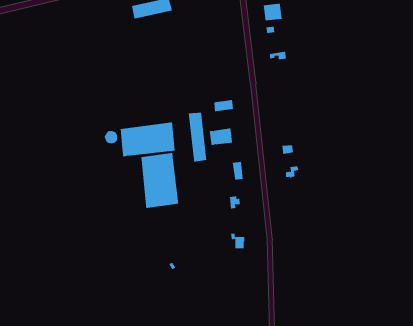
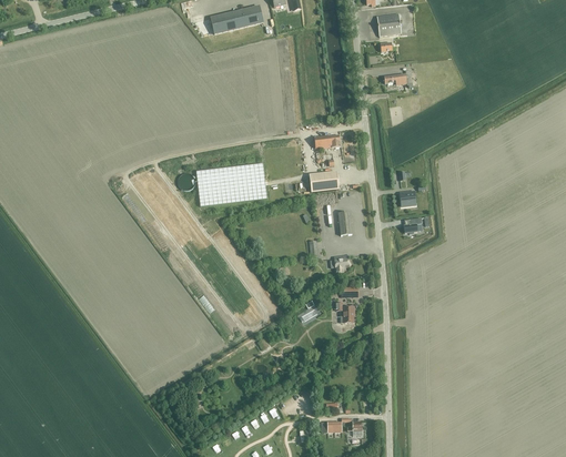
building: [188,112,207,163] -> none
building: [141,152,179,209] -> none

